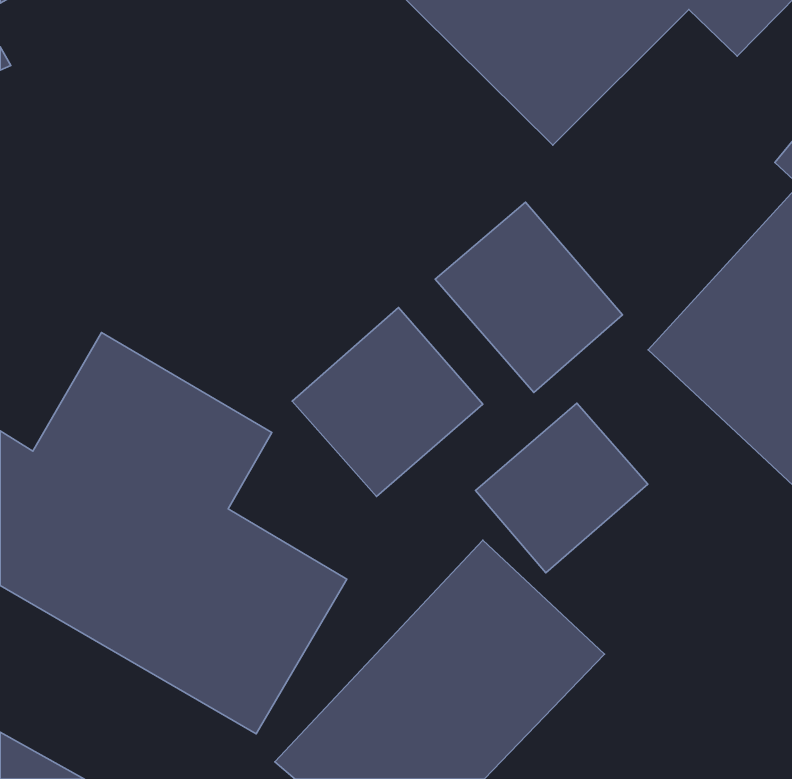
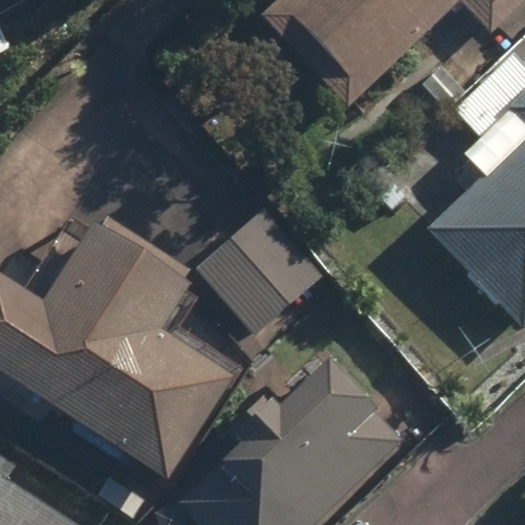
building: [435,202,622,392] -> none
building: [475,403,648,573] -> none

